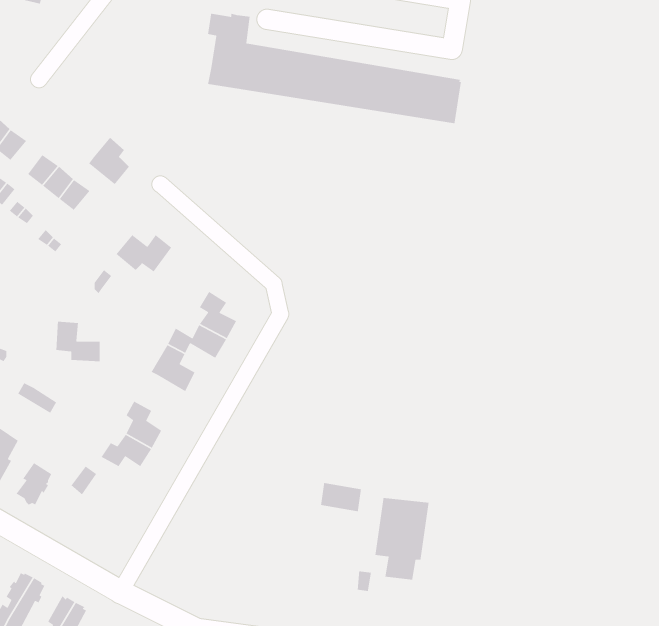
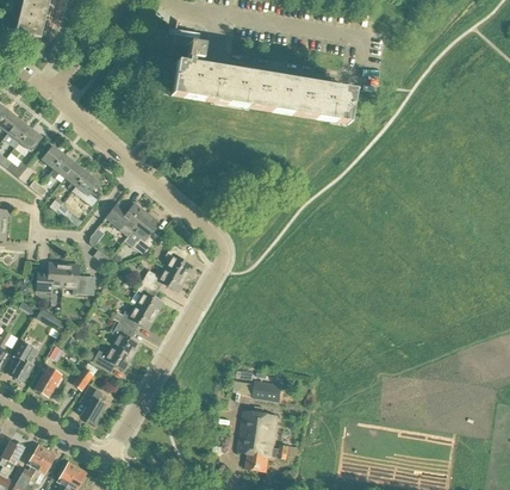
building: [88,137,130,185] -> [71,170,101,205]
building: none -> [131,211,157,253]
building: none -> [36,262,63,291]
building: none -> [112,303,155,328]
building: none -> [80,385,104,424]
building: [374,497,429,580] -> [238,410,278,470]

